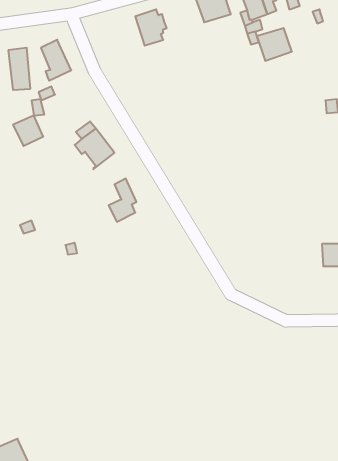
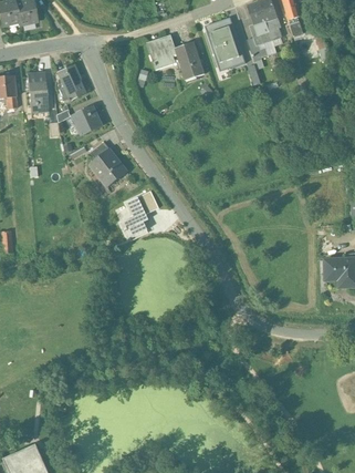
building: none -> [175,41,205,78]
building: [257,28,292,61] -> [212,40,246,71]
building: [13,116,43,146] -> [73,105,102,134]

